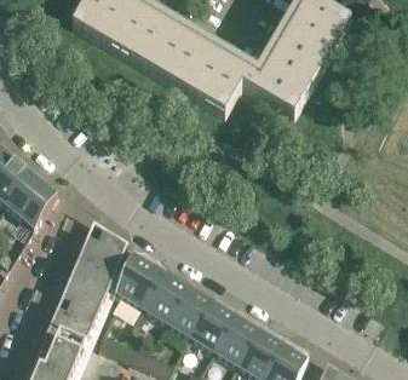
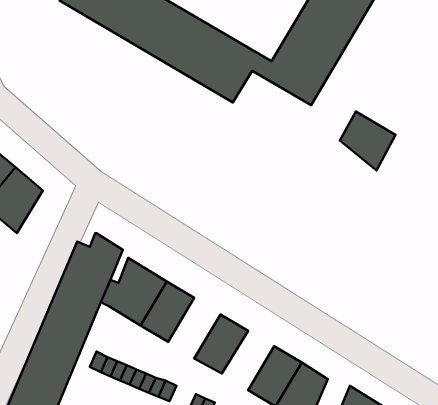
building: none -> [340,112,396,170]
building: [167,284,213,338] -> none
building: [214,313,260,365] -> none

